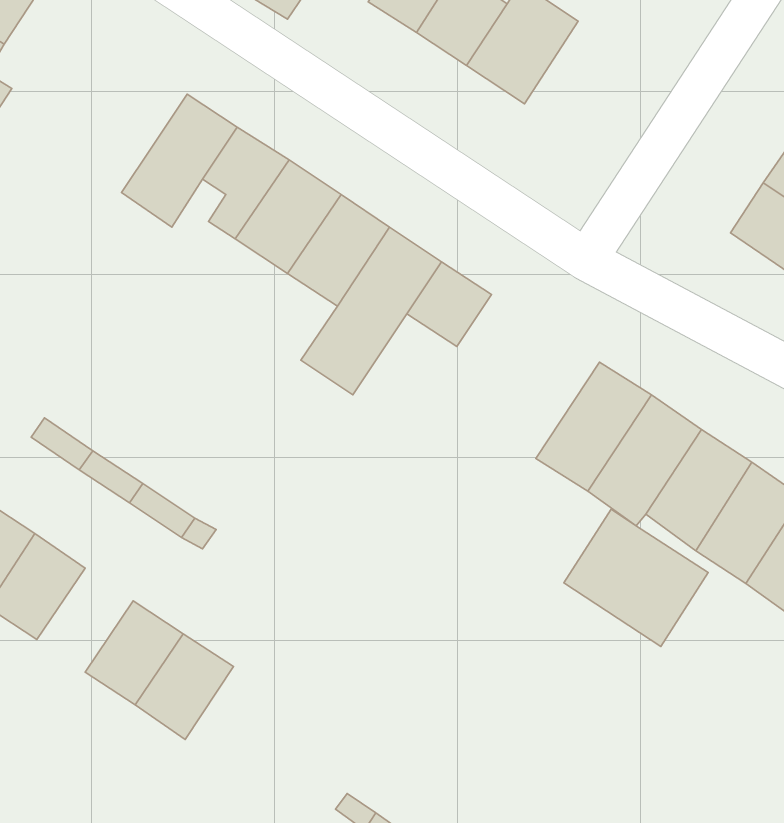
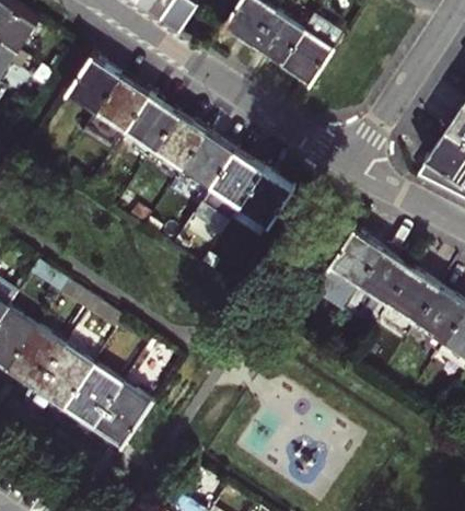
building: none -> [72,58,121,107]
building: [564,509,708,647] -> none
building: none -> [36,347,91,406]

